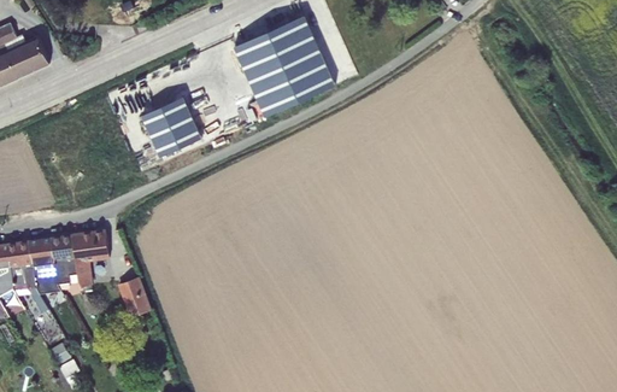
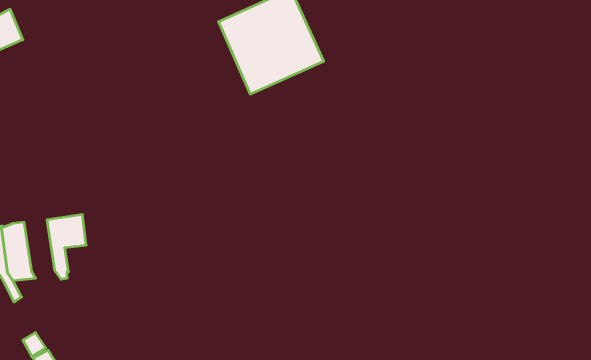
building: [140,95,199,156] -> none
building: [48,234,77,283] -> none
building: [114,275,148,316] -> none

